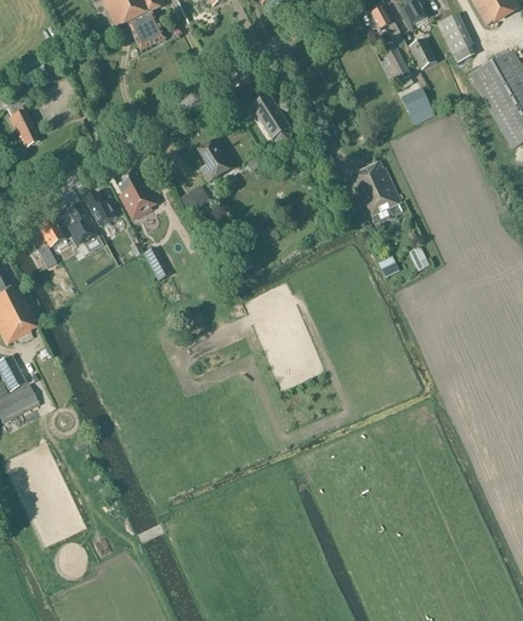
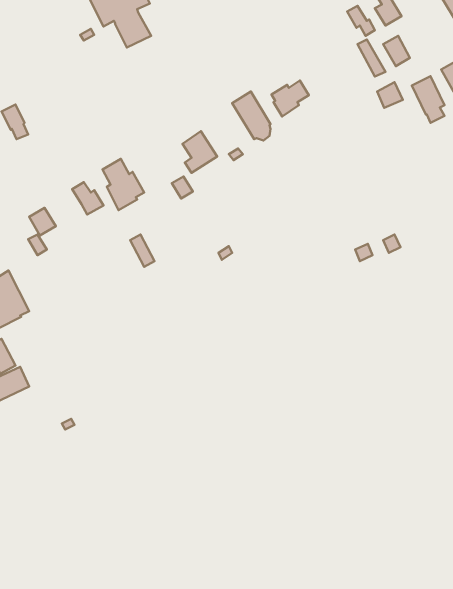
building: [437,13,471,62] -> [412,76,444,123]
building: none -> [271,81,309,117]
building: [349,161,399,220] -> none
building: [67,200,100,245] -> none

